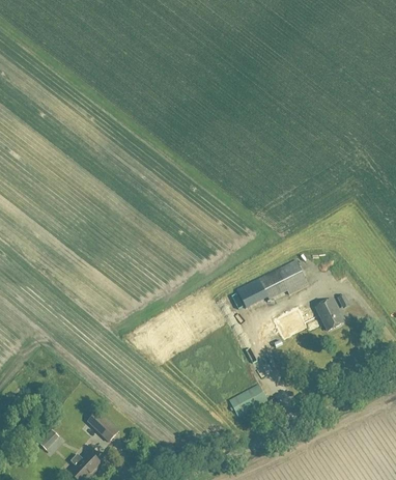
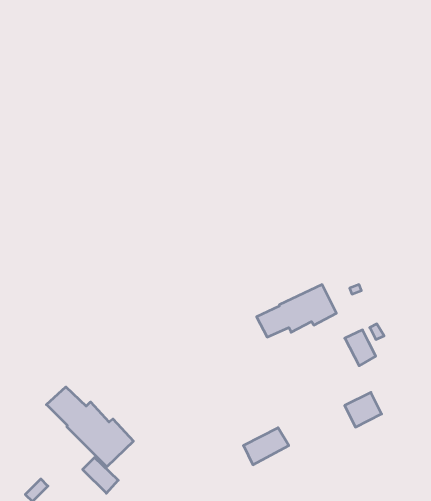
building: [275,307,307,337] -> [345,392,382,427]
building: none -> [46,387,133,467]

